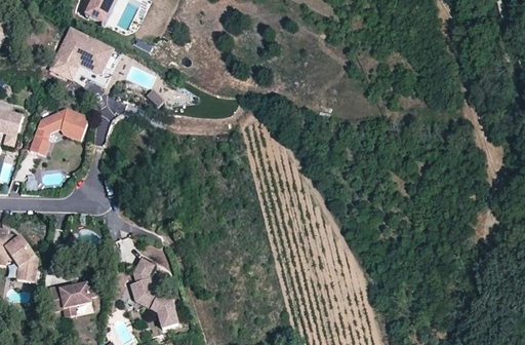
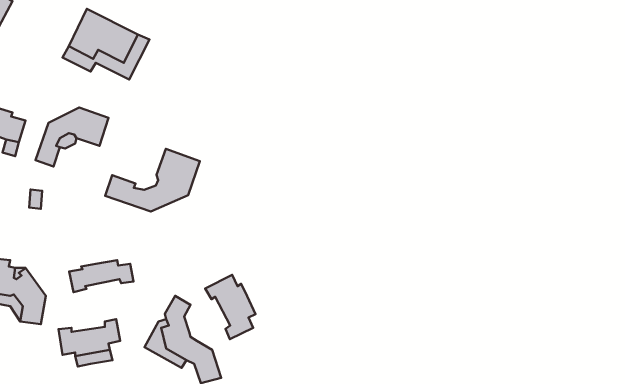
building: none -> [105,149,200,212]
building: none -> [69,260,133,292]
building: none -> [205,275,256,339]

